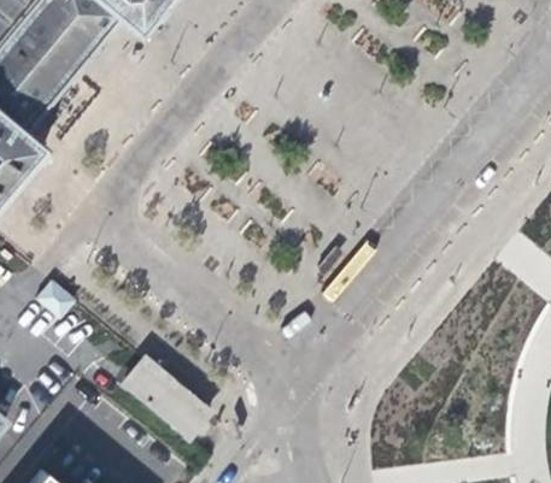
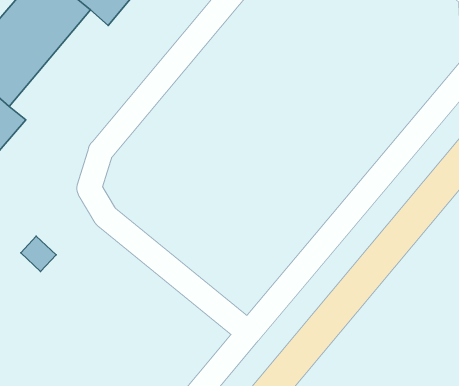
building: [122,355,217,441] -> none

